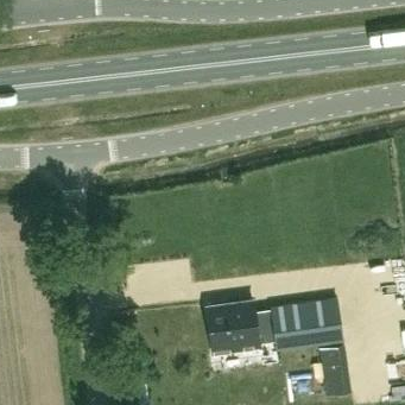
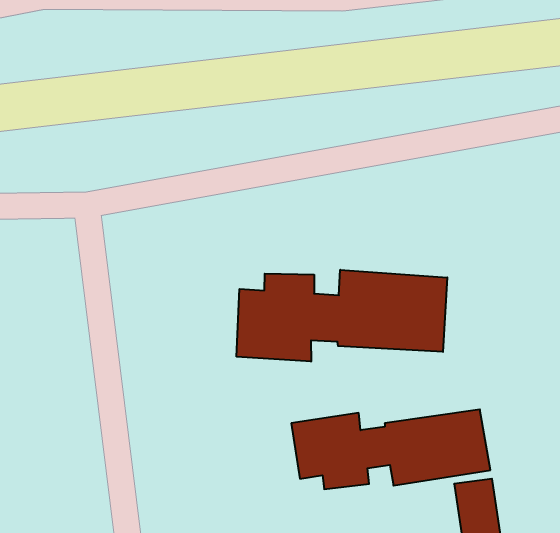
building: none -> [237,270,447,362]

